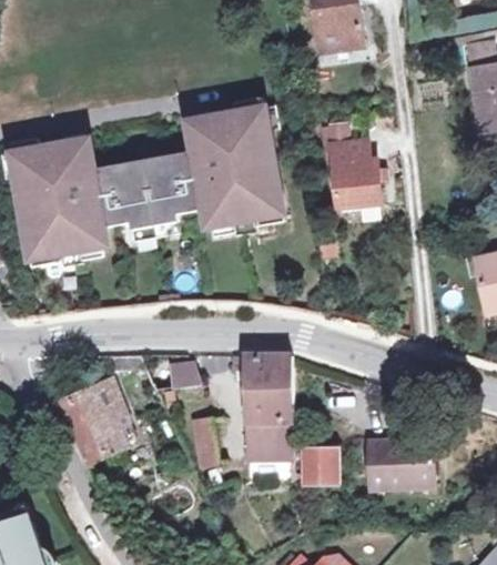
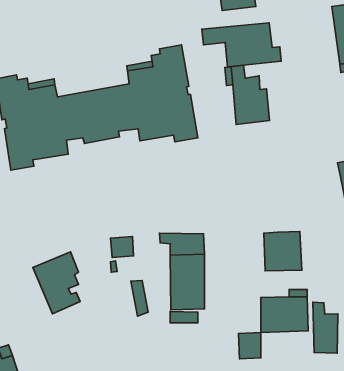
building: none -> [202,23,281,67]
building: none -> [264,231,302,271]
building: none -> [313,302,338,353]
building: [302,450,332,485] -> [239,333,261,359]

